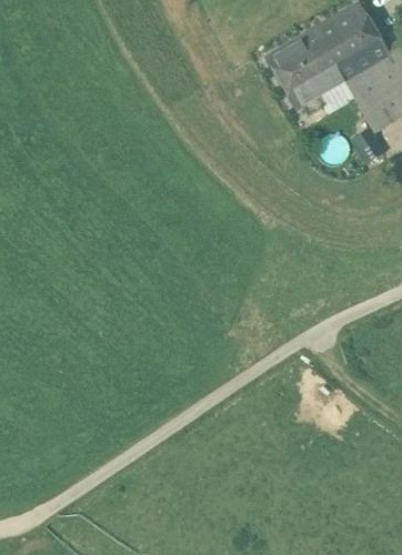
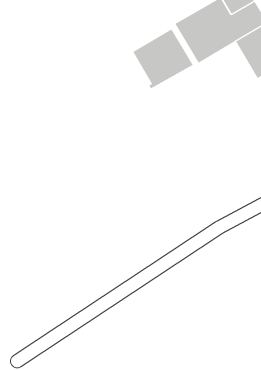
building: none -> [132,29,194,89]

